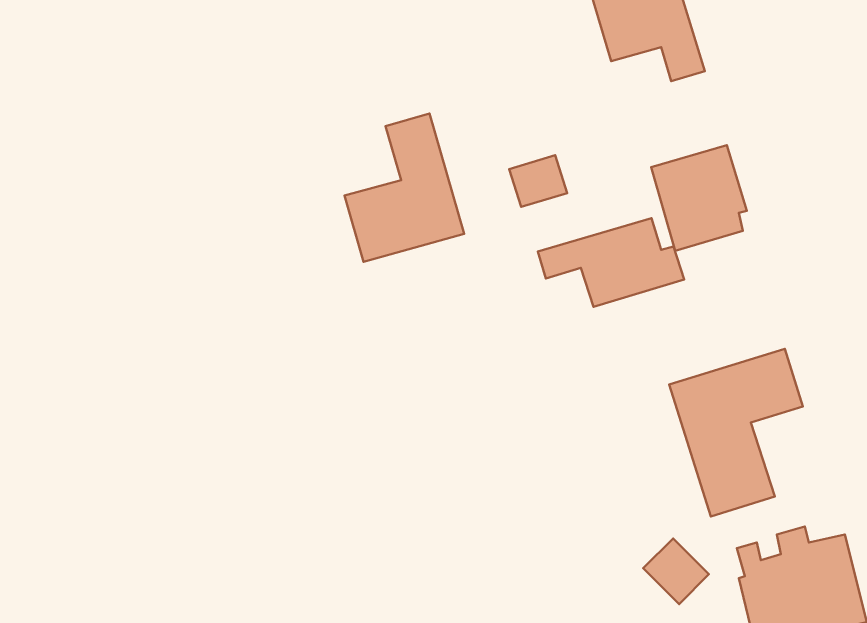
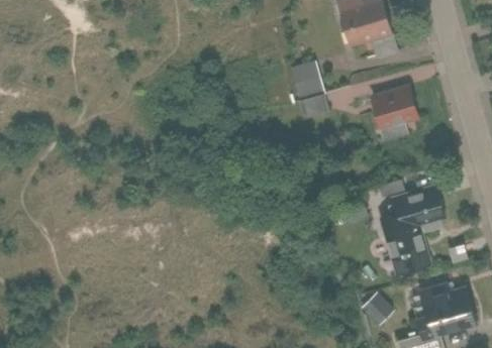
building: none -> [289,60,323,98]
building: [344,114,464,262] -> none
building: [538,218,684,307] -> none

